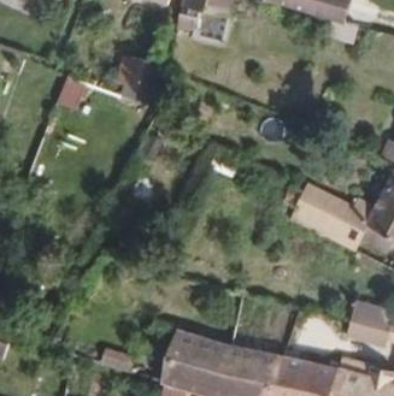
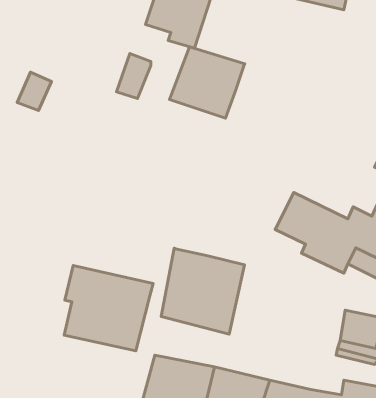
building: none -> [170,47,245,118]
building: none -> [161,248,244,334]
building: none -> [64,265,153,351]

